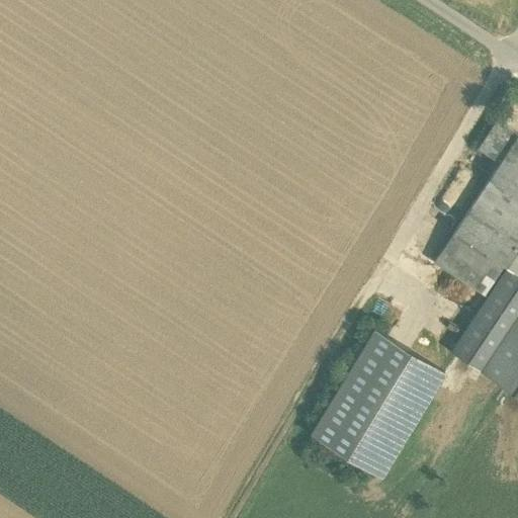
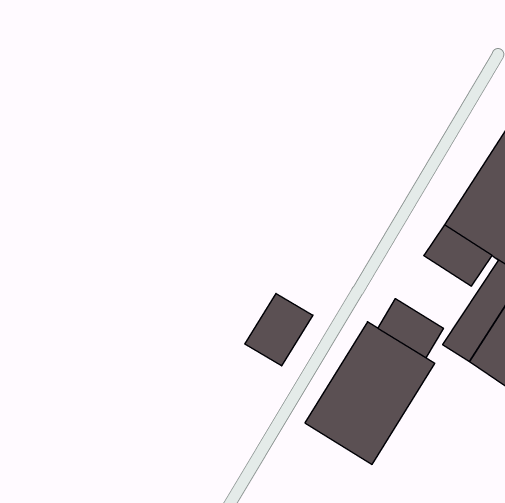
building: none -> [245,293,313,366]
building: none -> [378,299,443,358]

